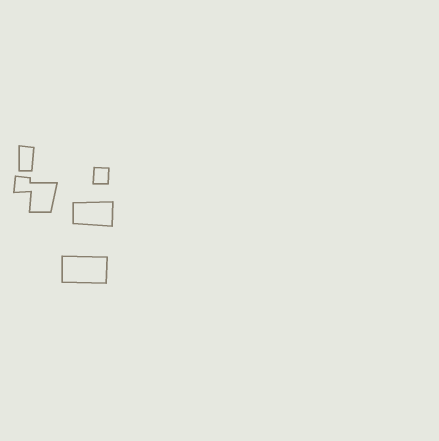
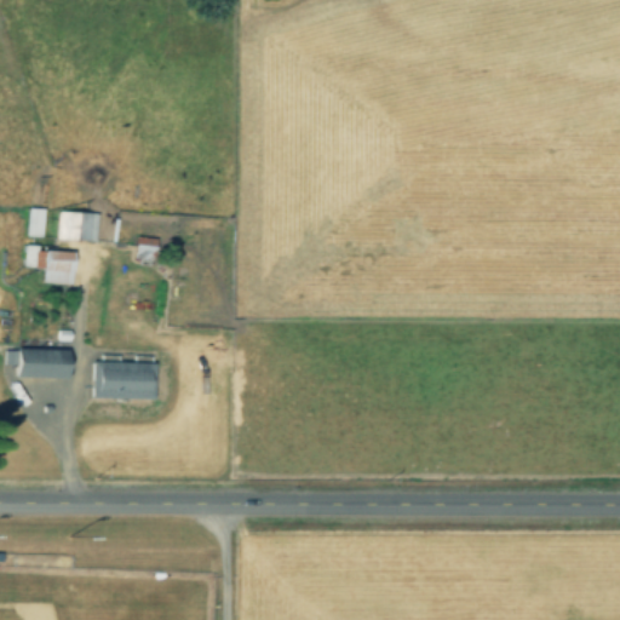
building: none -> [57,208,102,241]
building: [73,202,113,226] -> [19,348,75,381]

